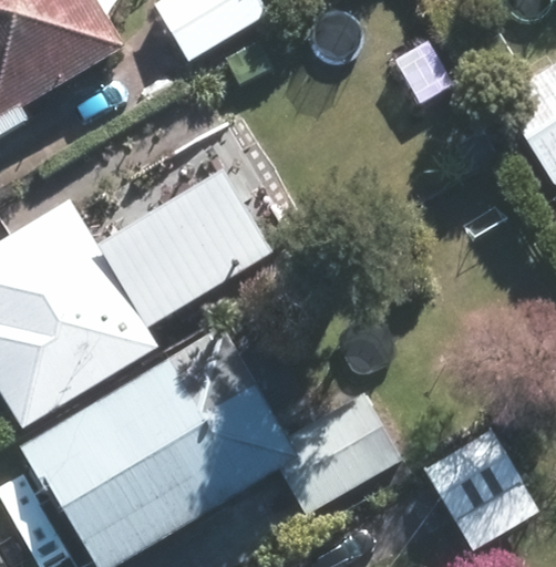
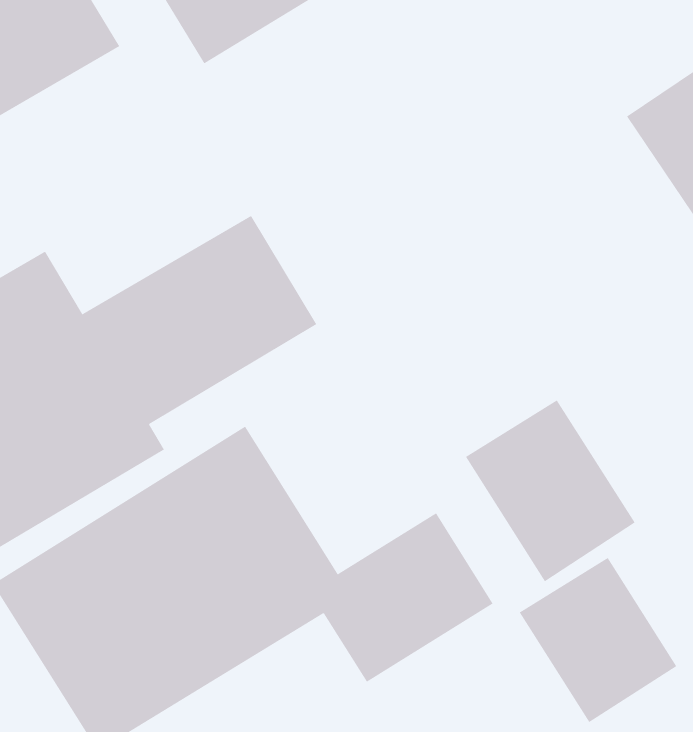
building: none -> [465,399,636,582]

